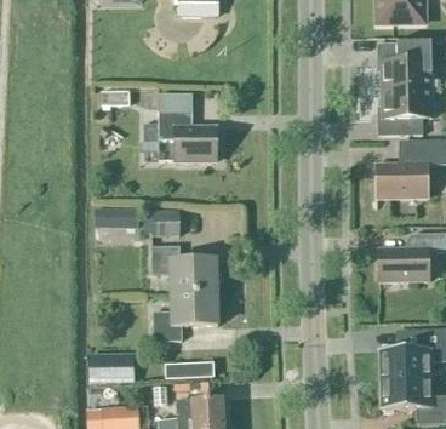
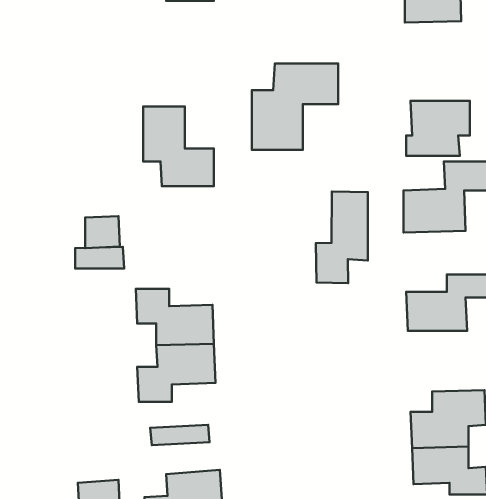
building: [377,42,431,88] -> none
building: none -> [252,63,338,150]
building: none -> [316,192,368,283]
building: [151,210,181,236] -> [85,216,120,248]
building: [102,353,135,382] -> none

